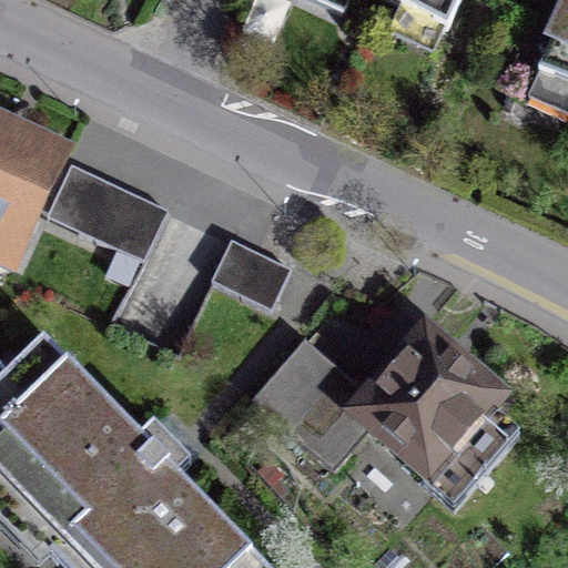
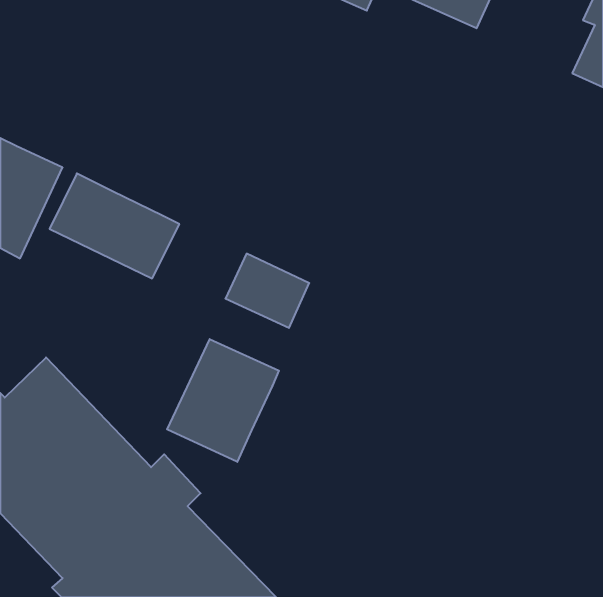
building: none -> [167,339,279,462]
building: [254,337,519,509] -> none

